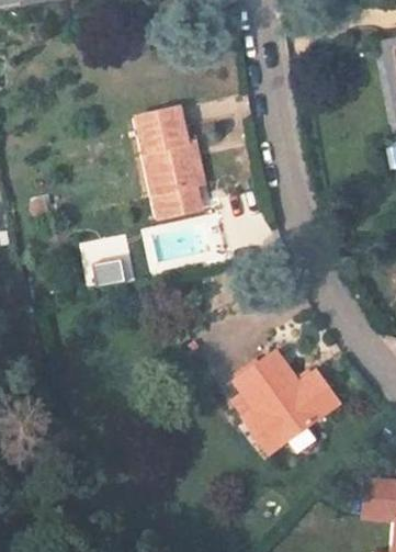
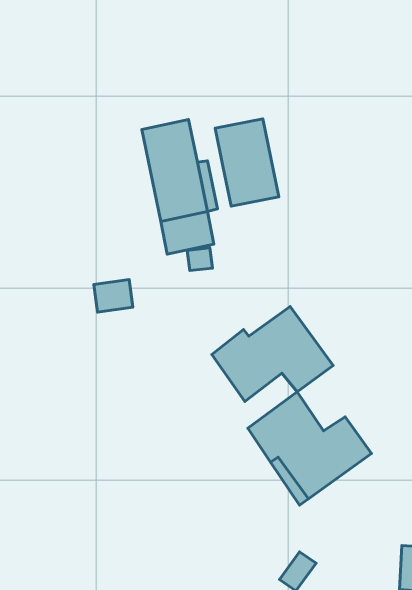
building: none -> [215,119,279,206]
building: none -> [212,306,333,402]

